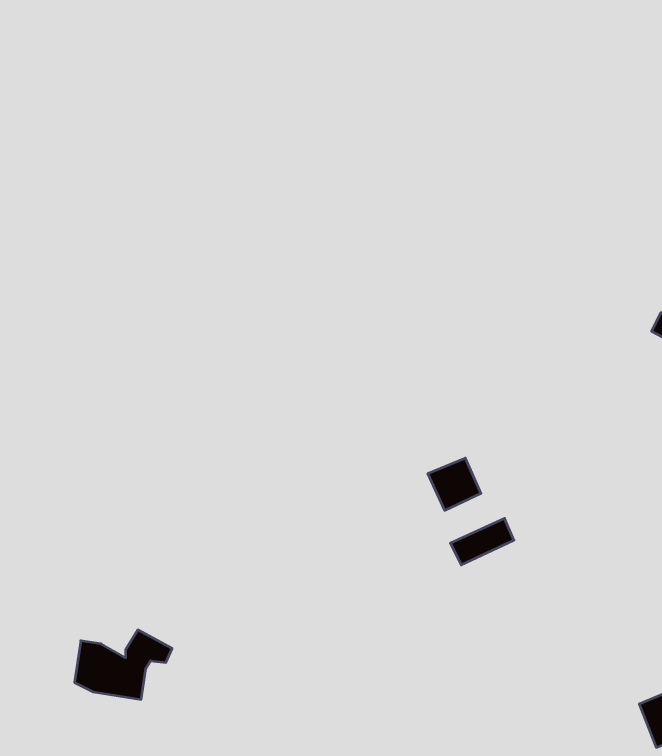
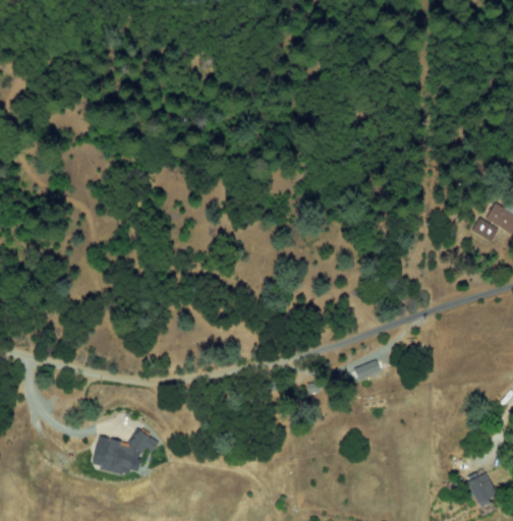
building: [428,458,481,510] -> none

